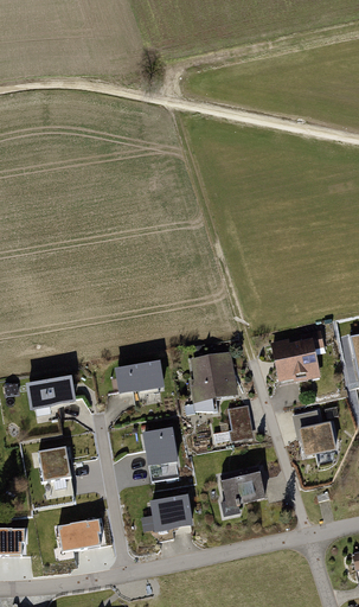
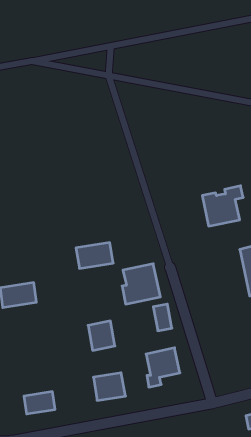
building: [270,330,325,383] -> [202,186,243,226]
building: [114,360,164,395] -> [76,243,113,268]
building: [295,418,338,460] -> none
building: [37,445,69,480] -> none

